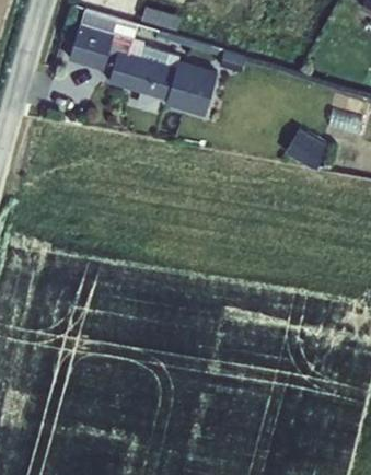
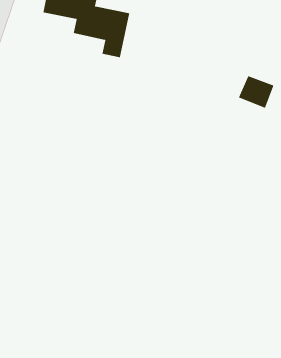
building: [165,60,220,119] -> none

